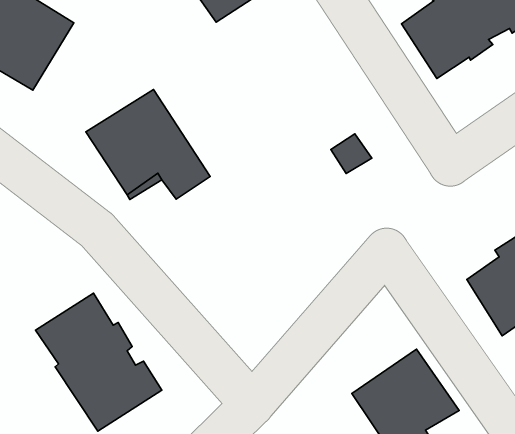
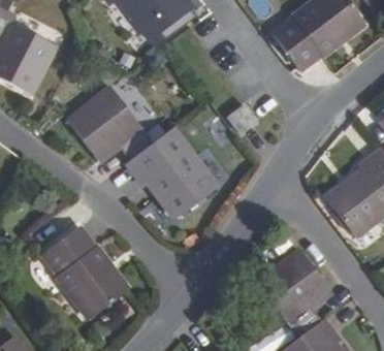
building: none -> [129,129,217,214]

